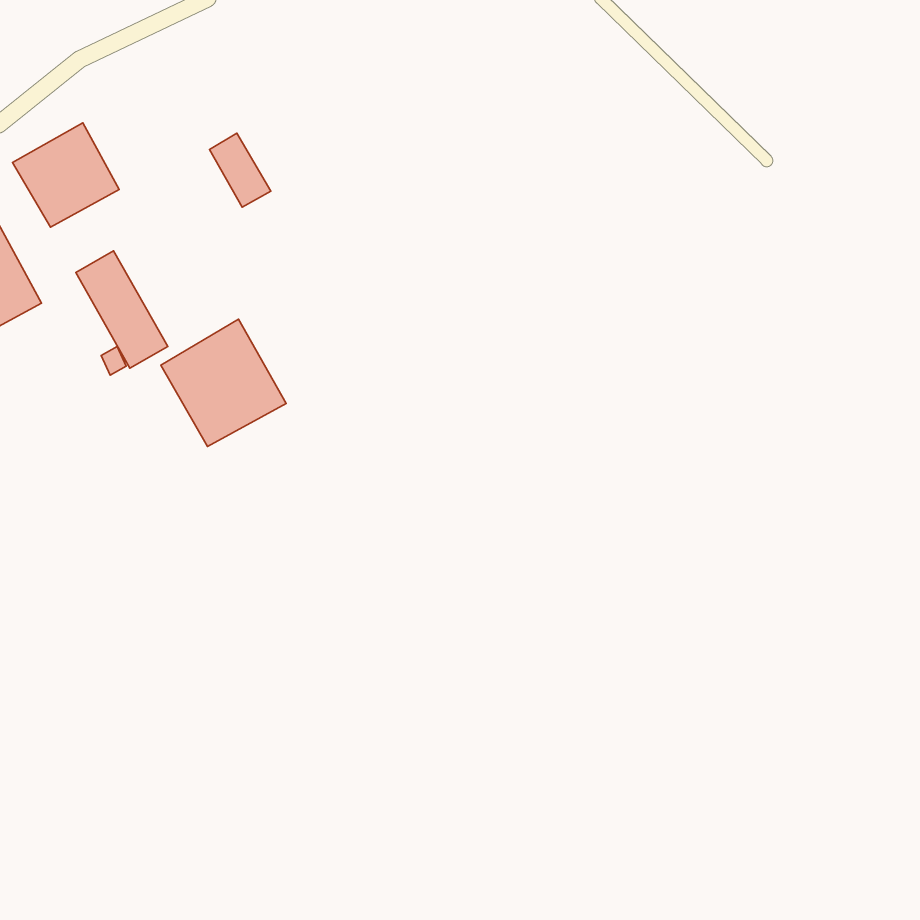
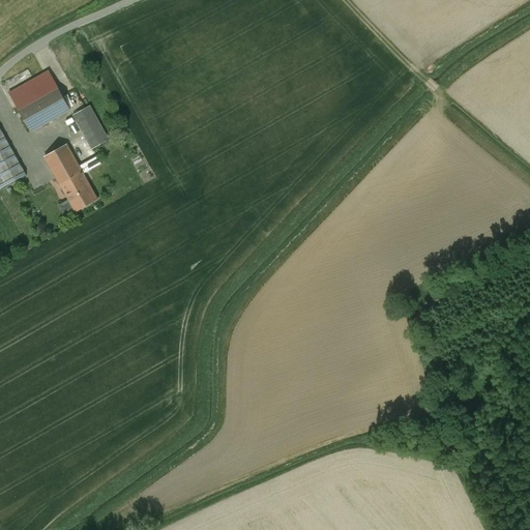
building: [210,133,271,207] -> [72,106,108,148]
building: [161,319,286,446] -> none

